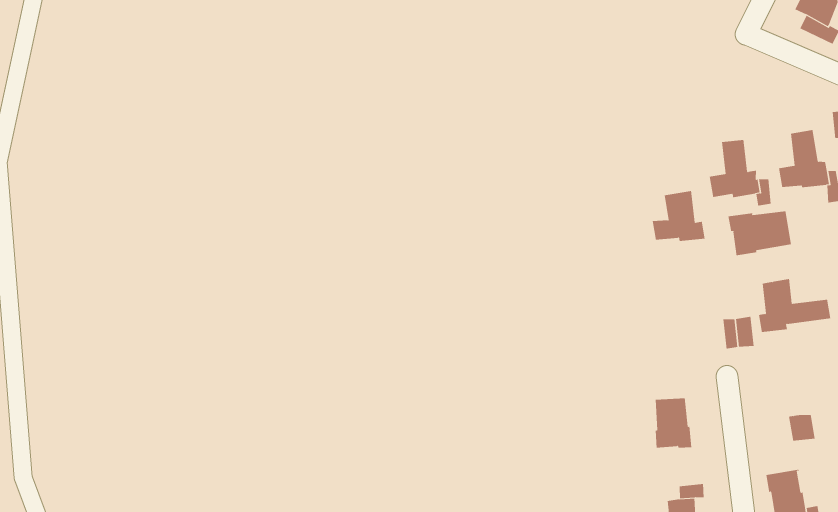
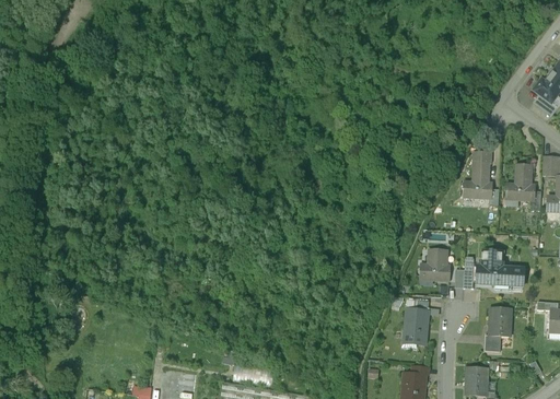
building: [652,190,706,242] -> [419,250,450,281]
building: [728,211,792,256] -> none
building: none -> [489,308,510,337]

